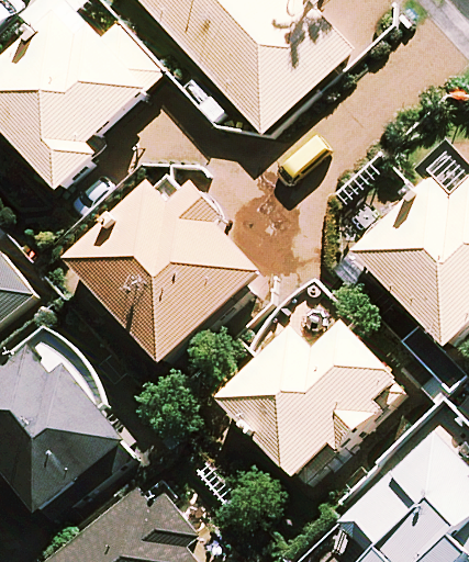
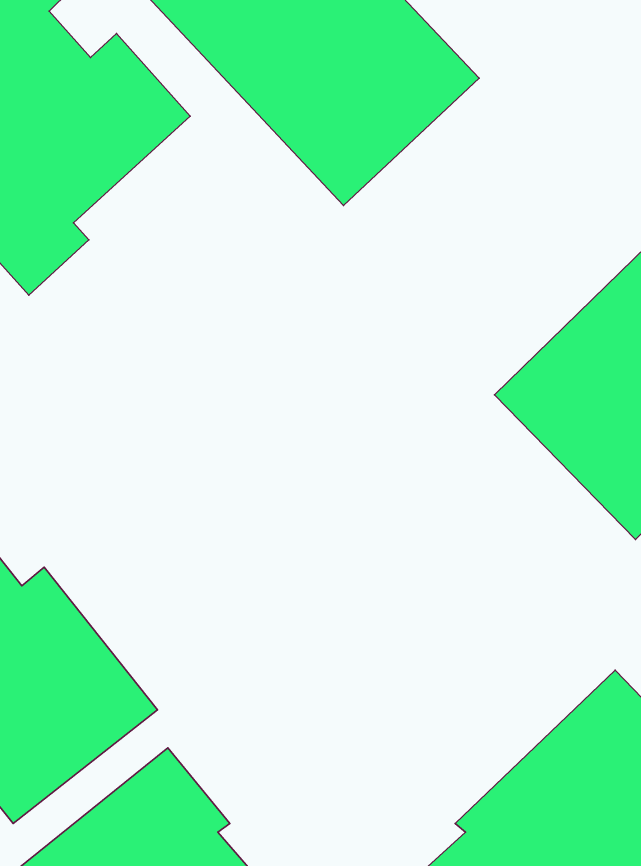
building: [71,170,258,362] -> none
building: [217,323,400,481] -> none

